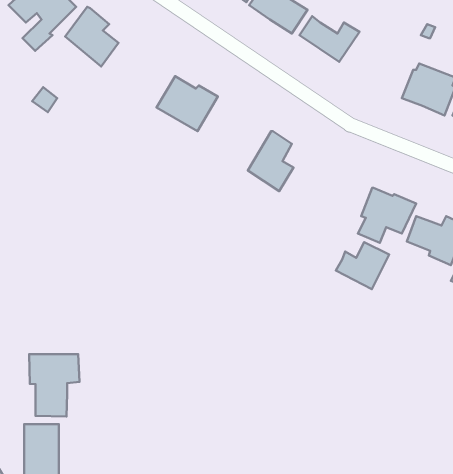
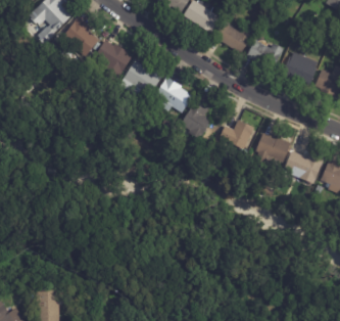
building: none -> [94,40,131,74]
building: none -> [246,40,283,70]
building: none -> [154,76,192,112]
building: [336,242,389,289] -> [220,120,254,150]
building: [29,354,79,416] -> none

